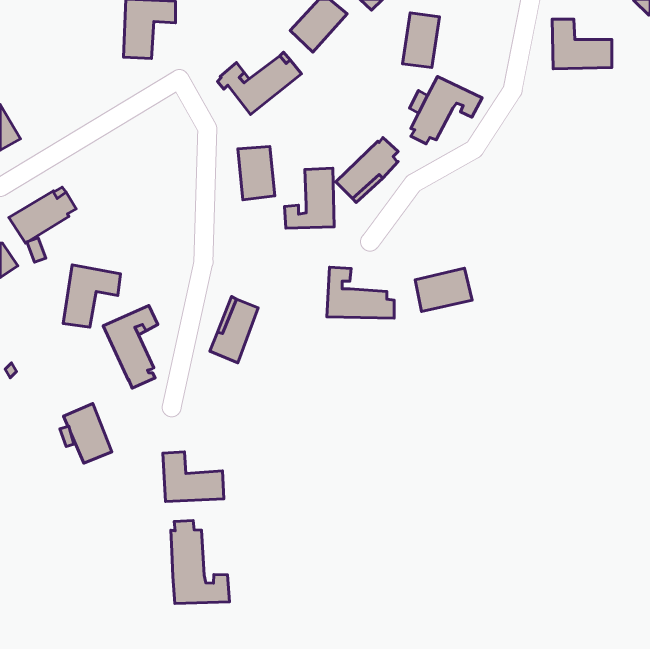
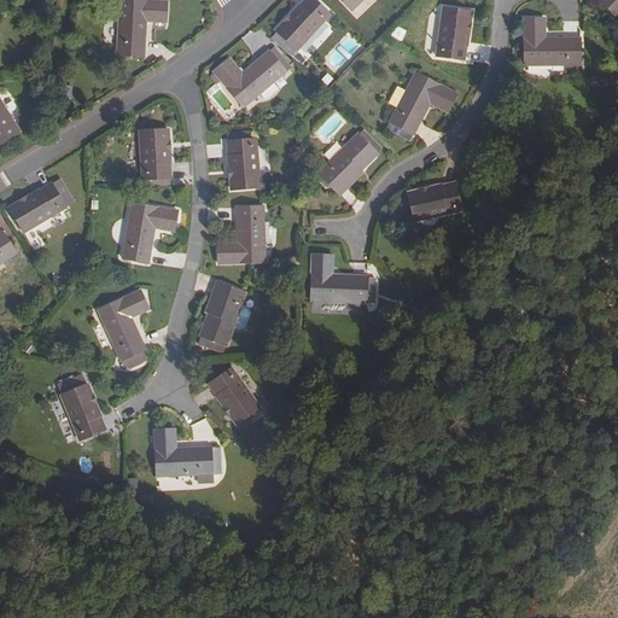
building: [403,13,440,68] -> [436,7,471,59]
building: none -> [139,129,171,179]
building: [285,168,334,228] -> [217,206,264,263]
building: [63,265,120,327] -> [123,202,177,261]
building: [415,268,472,312] -> [408,181,462,222]
building: none -> [208,367,260,424]
building: [171,521,229,604] -> none

